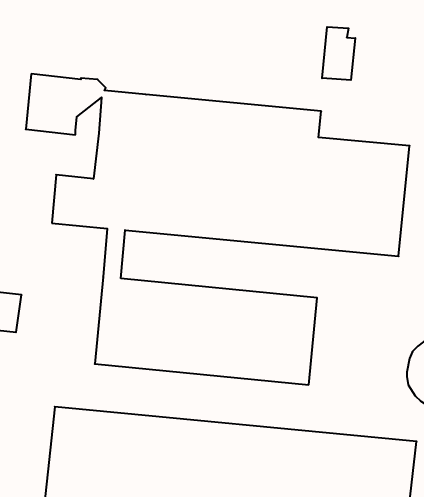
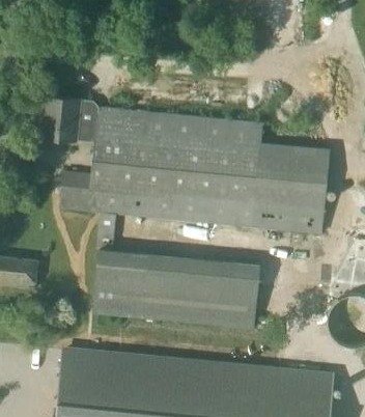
building: [322,27,355,80] -> none

